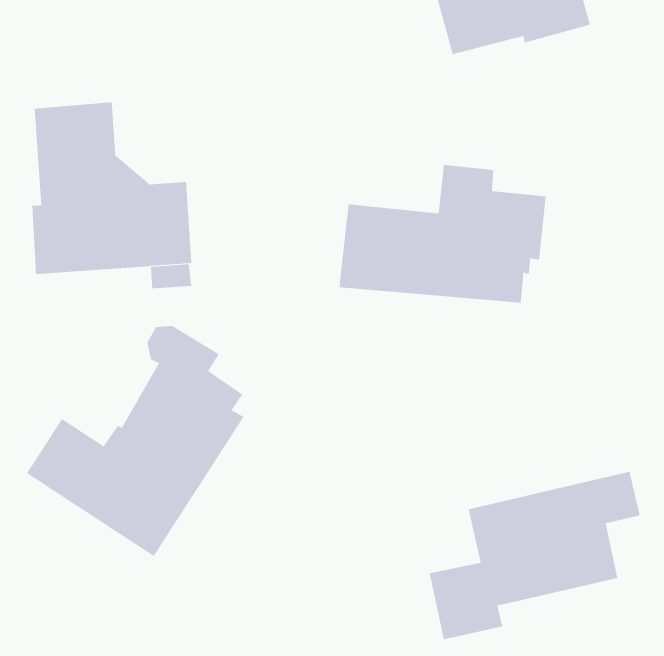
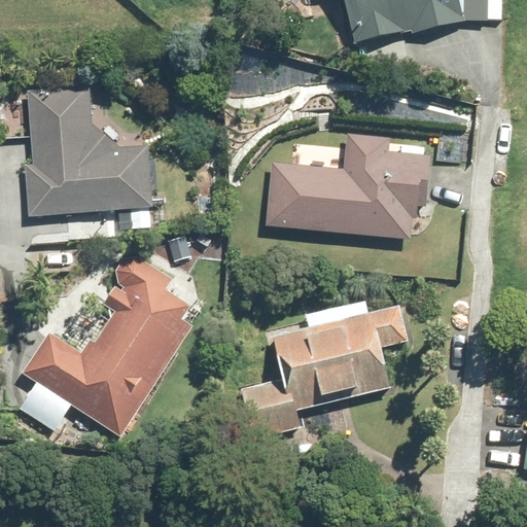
building: [429,471,641,640] -> [241,305,408,437]

